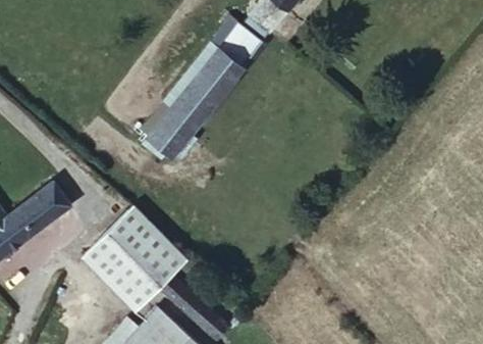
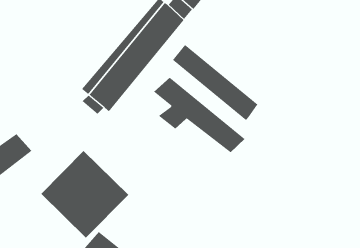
building: none -> [172,44,258,121]
building: none -> [153,77,246,153]

